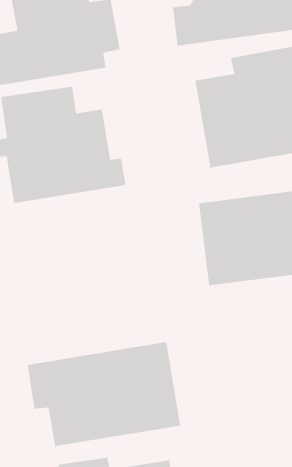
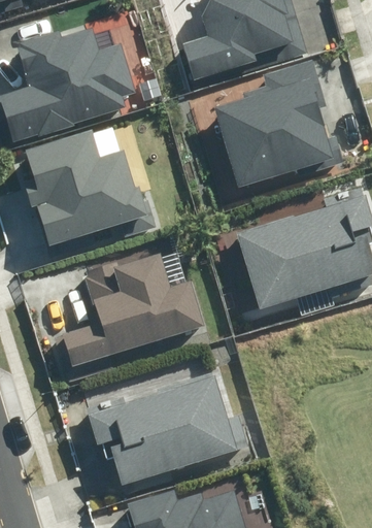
building: none -> [57,252,205,368]

